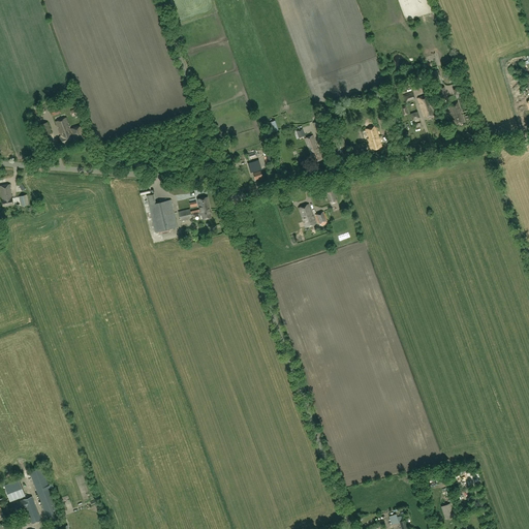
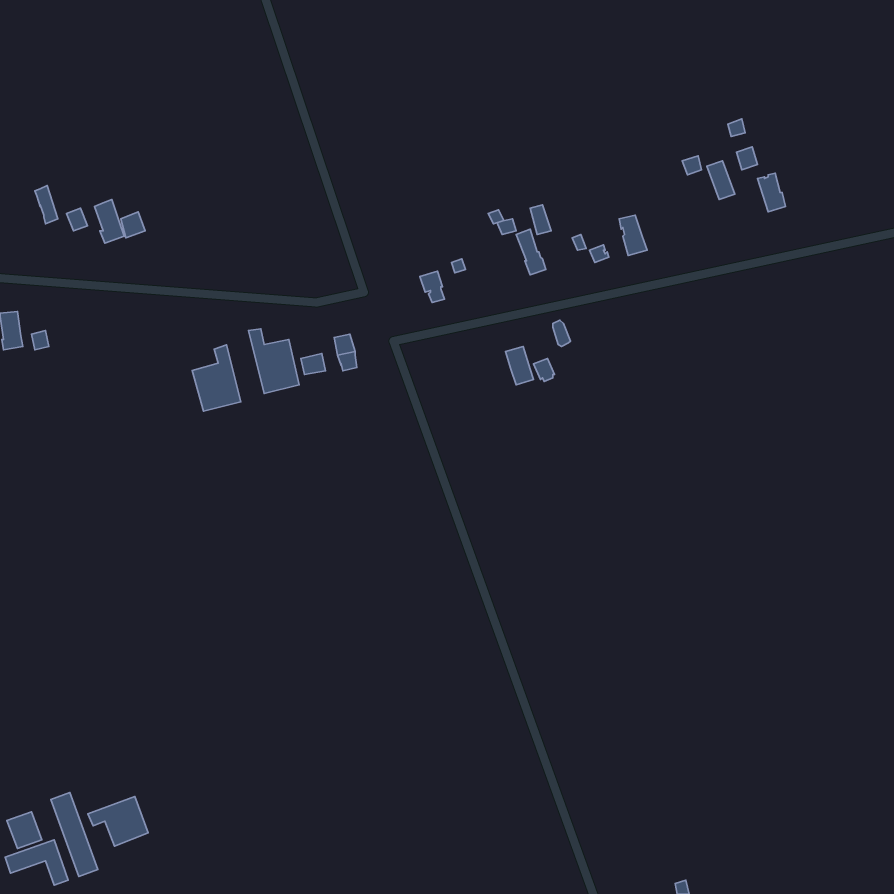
building: none -> [192,345,241,411]
building: none -> [88,797,148,846]

